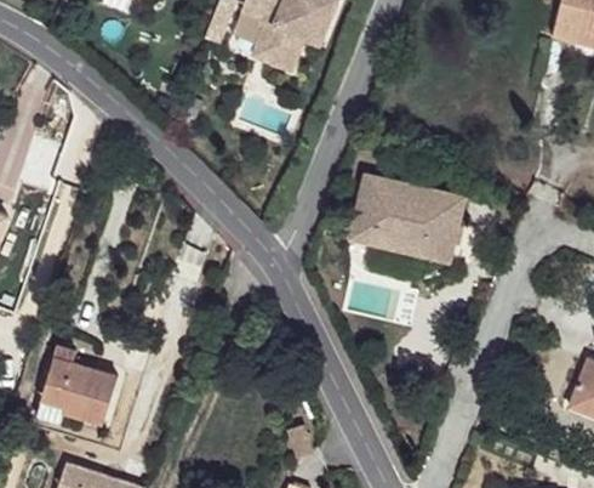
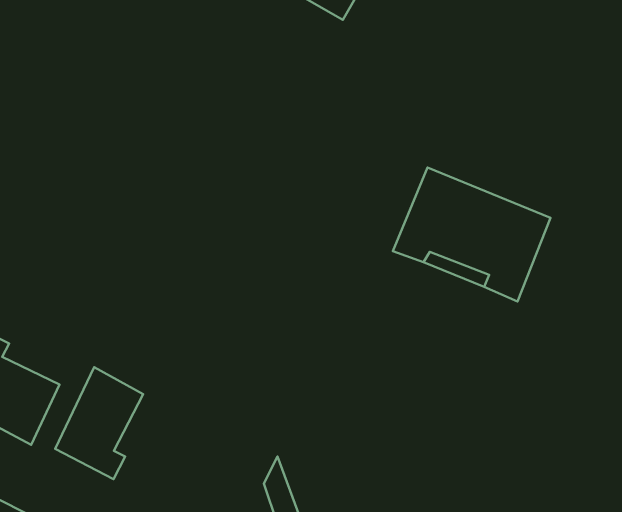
building: none -> [55,367,143,479]

